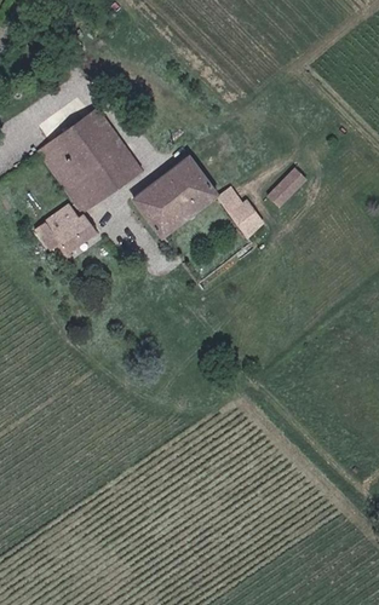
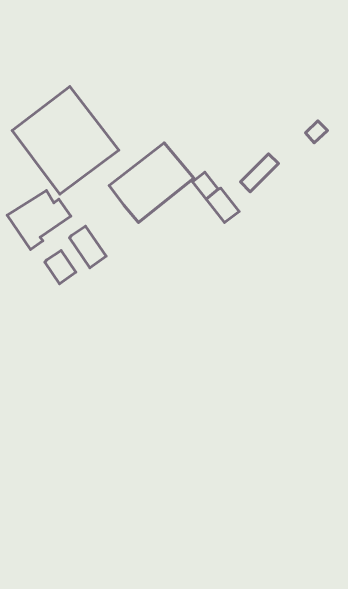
building: none -> [69,226,106,268]
building: none -> [45,250,76,284]

